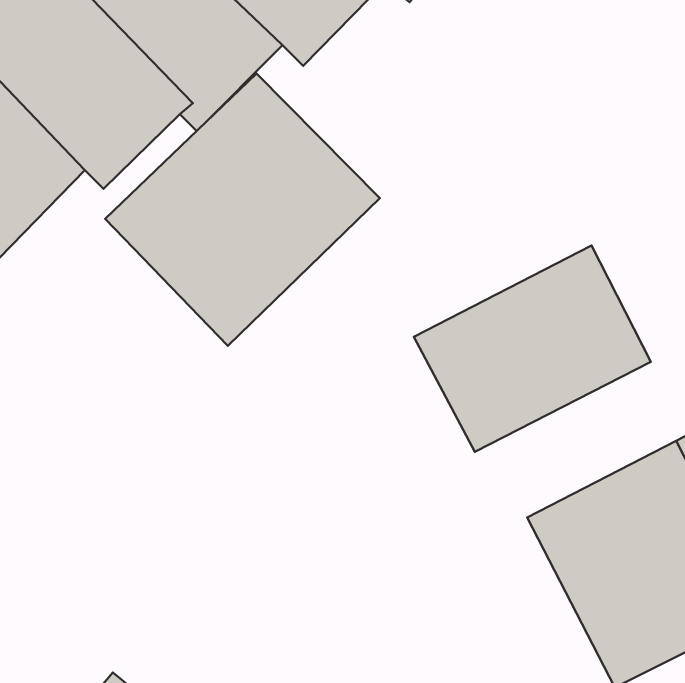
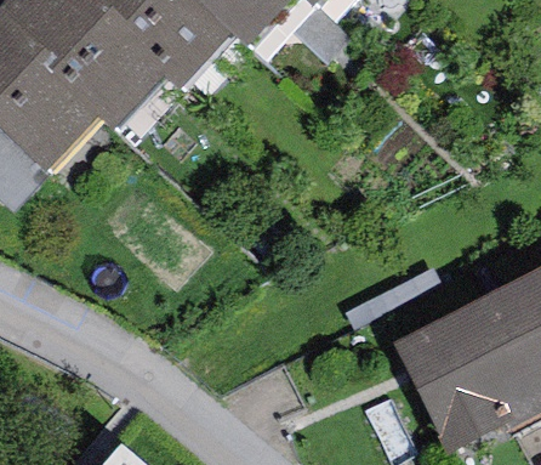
building: [105,73,380,346] -> none
building: [414,246,651,452] -> none

